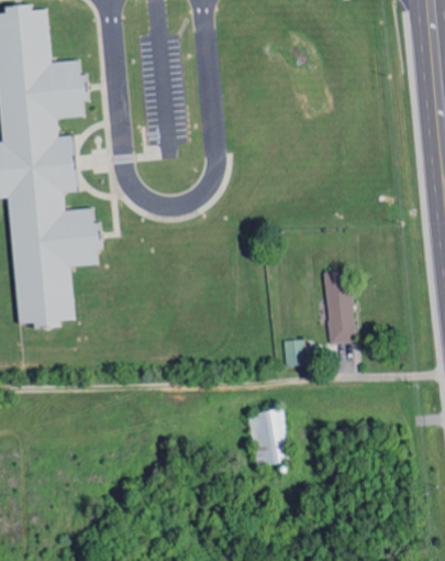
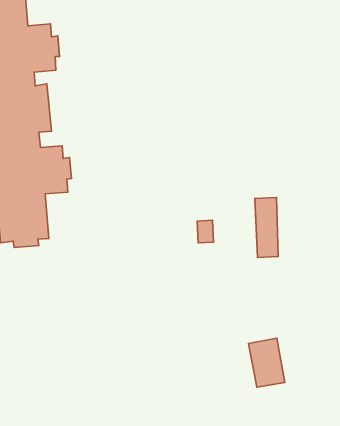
building: [285,339,304,366] -> [197,220,213,243]
building: [248,406,292,465] -> [249,338,285,387]

